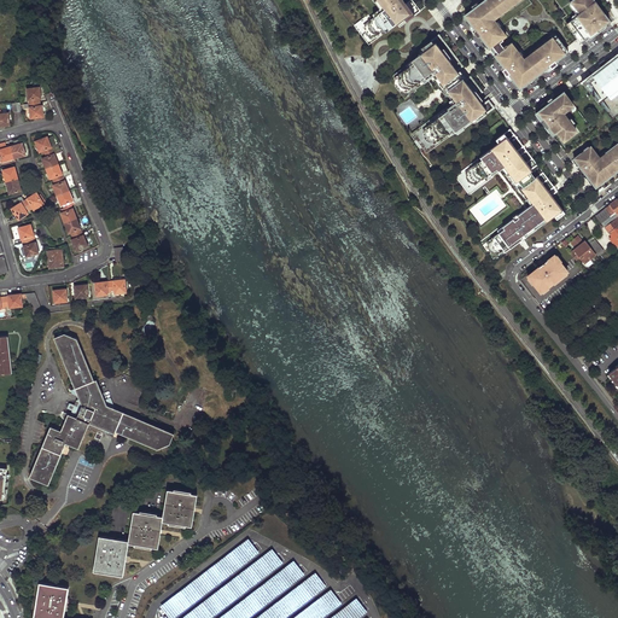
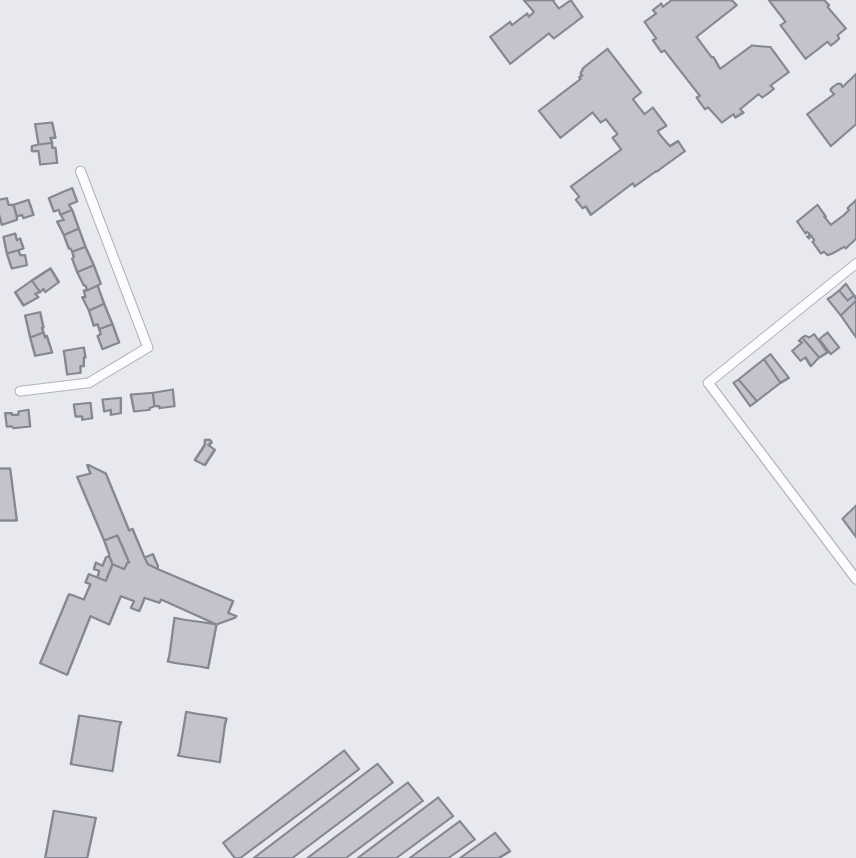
building: [535,92,575,141] -> none
building: [465,129,564,256] -> none
building: [162,490,197,526] -> [168,618,217,668]
building: [93,536,129,576] -> [71,716,121,771]

